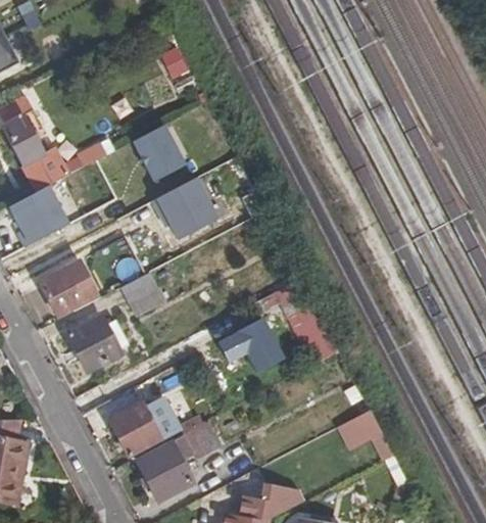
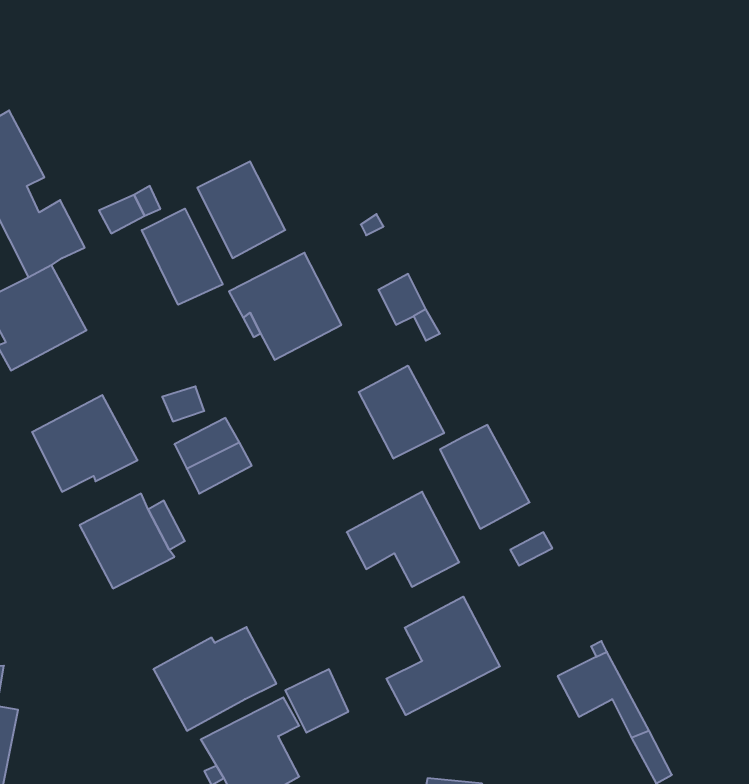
building: none -> [142,209,223,305]
building: none -> [359,366,444,459]
building: none -> [386,597,500,715]

